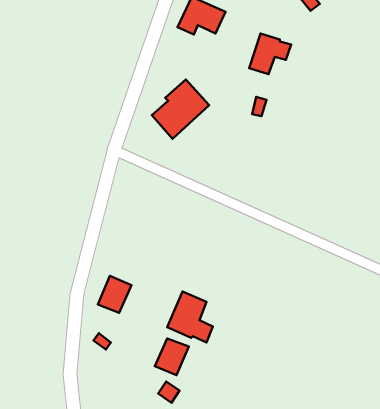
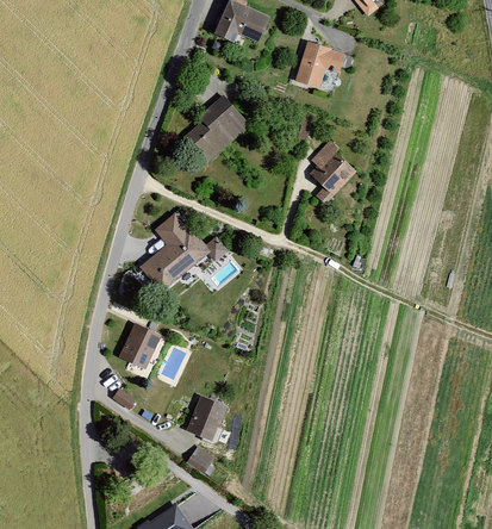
building: none -> [310,141,353,197]
building: none -> [138,213,208,293]
building: [167,291,213,343] -> none

